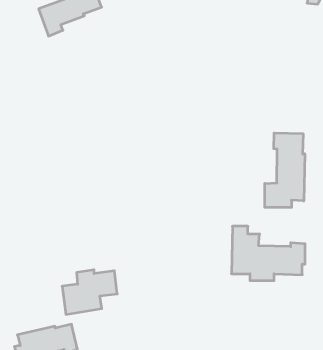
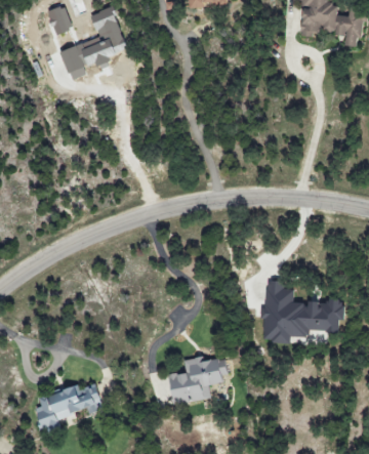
building: [265,133,305,207] -> none
building: [62,270,117,314] -> [168,357,227,404]

